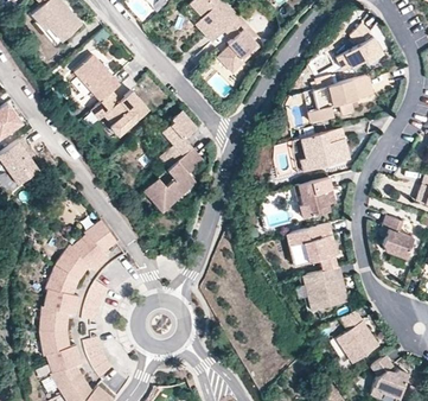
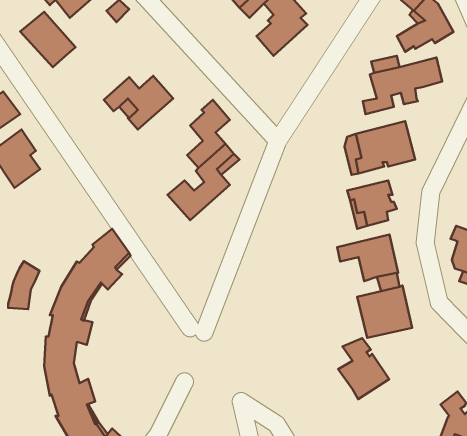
building: [74,55,120,101] -> [20,12,75,67]
building: [83,280,109,320] -> [8,261,39,309]
building: [337,311,379,362] -> [338,338,389,399]
building: [84,338,114,378] -> none

